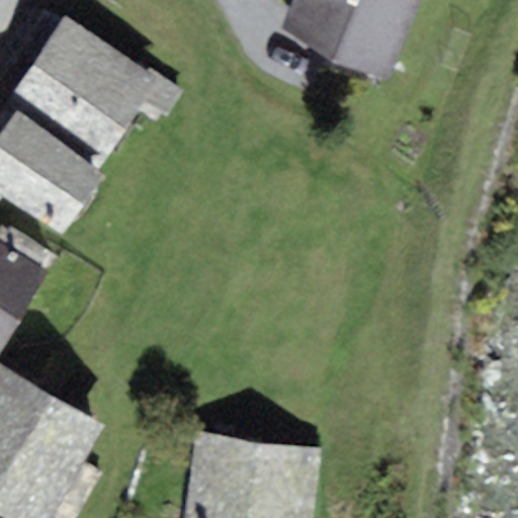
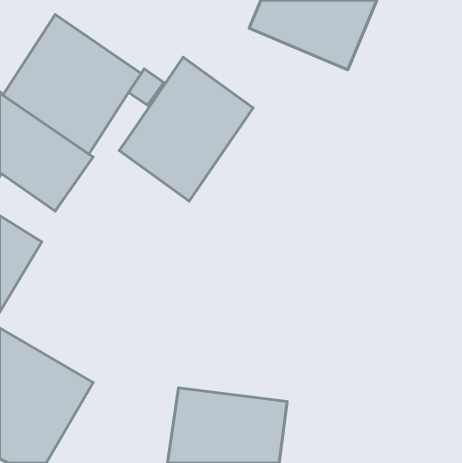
building: none -> [119,57,253,201]

